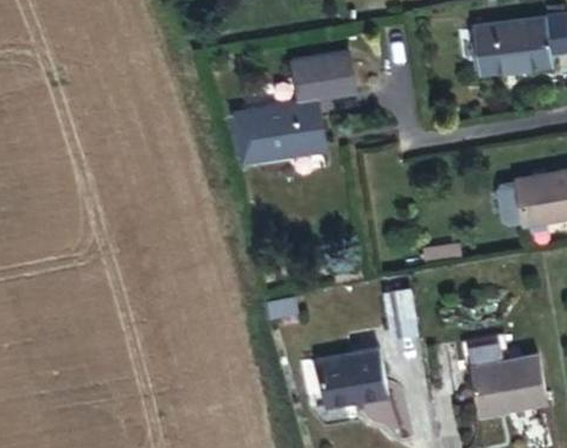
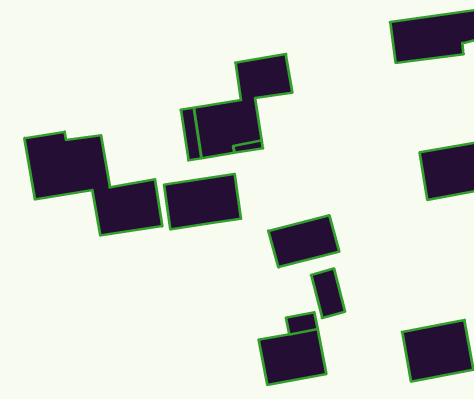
building: none -> [25,132,162,235]
building: none -> [164,174,241,229]
building: none -> [268,215,339,267]

